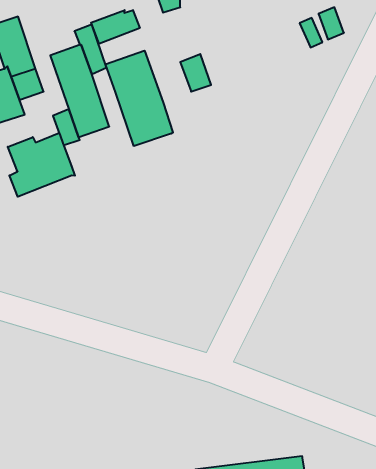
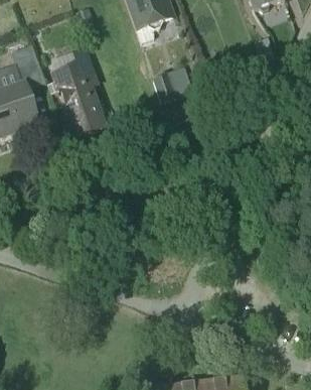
building: [91,10,140,44] -> none
building: [105,51,173,146] -> none
building: [8,133,75,197] -> none

